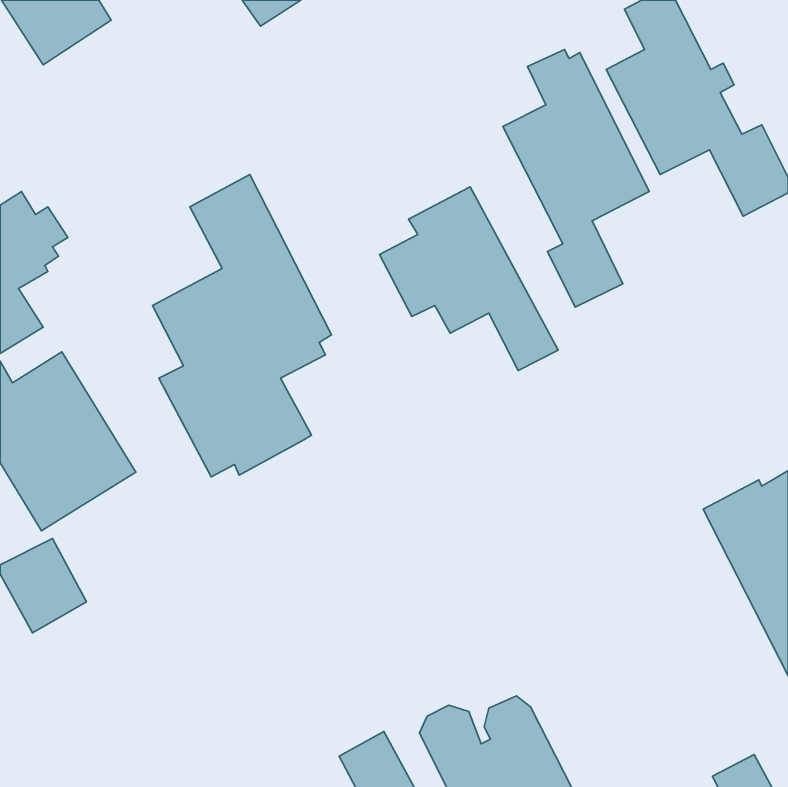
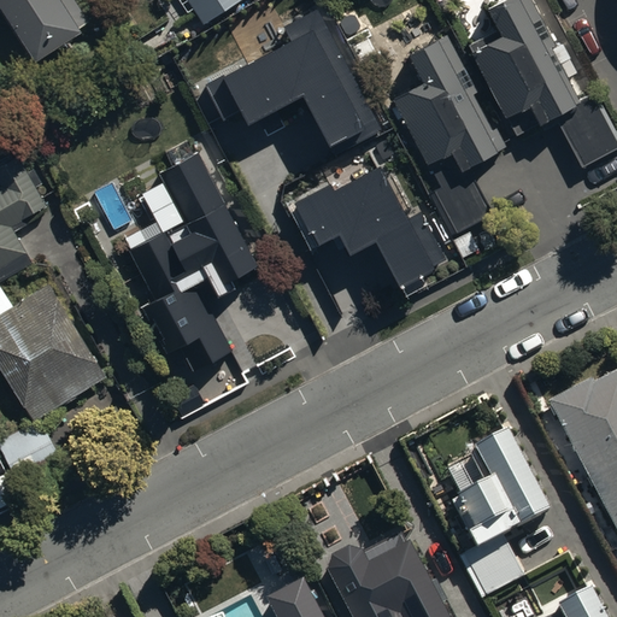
building: none -> [207,13,383,159]
building: none -> [456,422,547,593]

